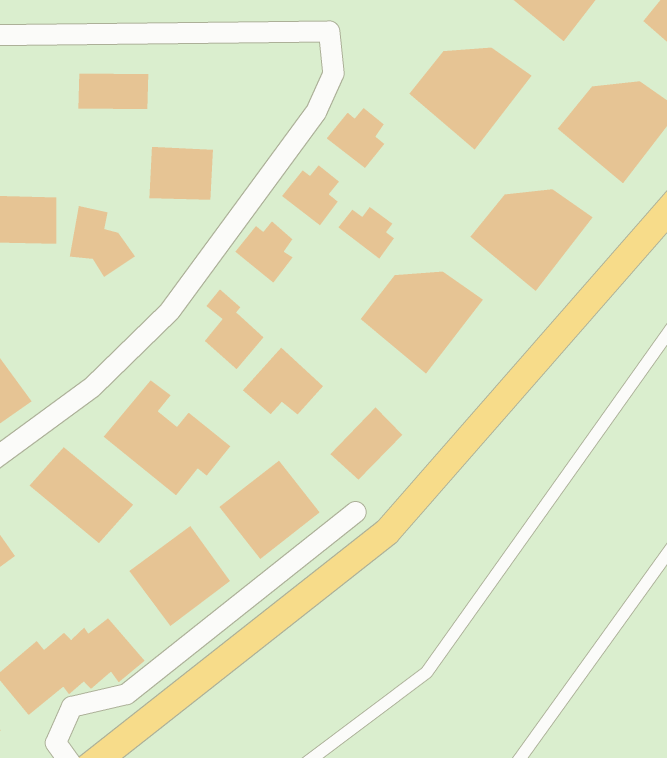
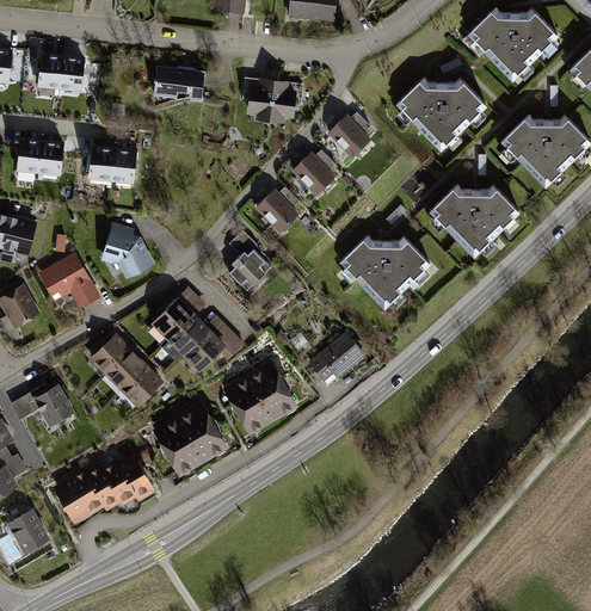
building: [148,146,214,200] -> [246,74,297,118]
building: [69,205,136,278] -> [103,221,152,276]
building: [337,206,395,260] -> none
building: [242,347,324,415] -> none

